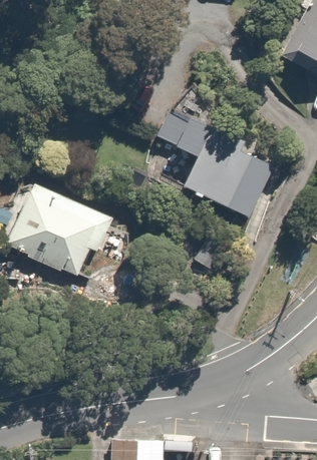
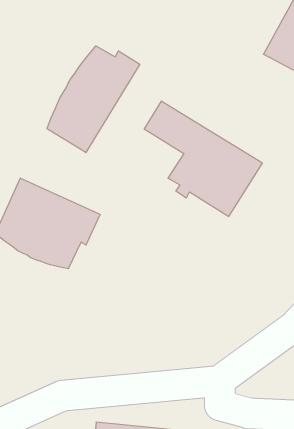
building: none -> [47,46,140,153]

